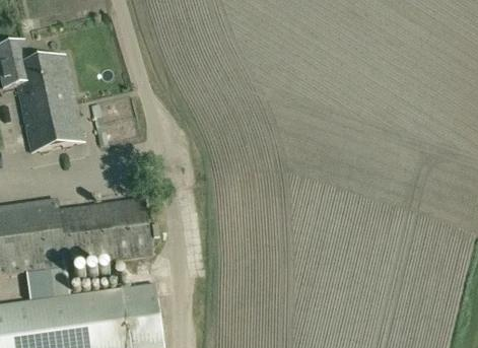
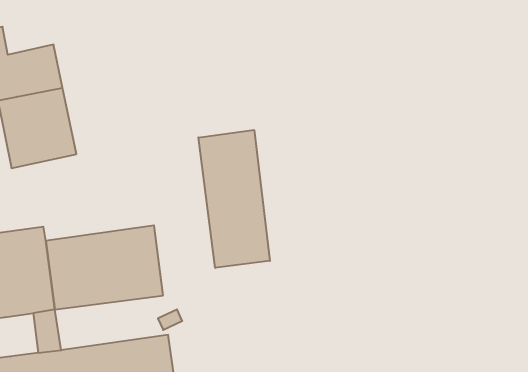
building: none -> [198,130,270,268]
building: [25,267,52,301] -> none

